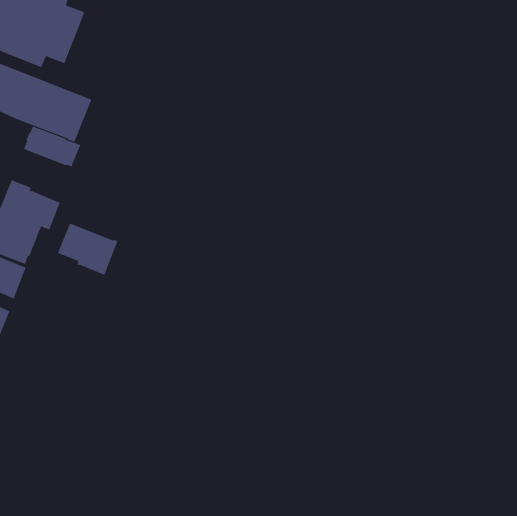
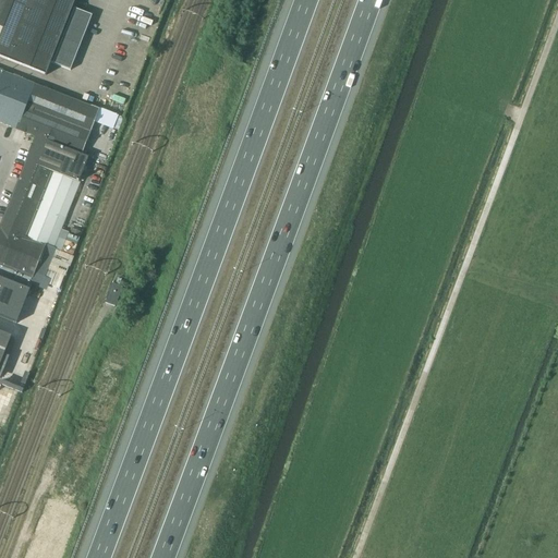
building: [57,223,118,275] -> [12,160,77,217]

